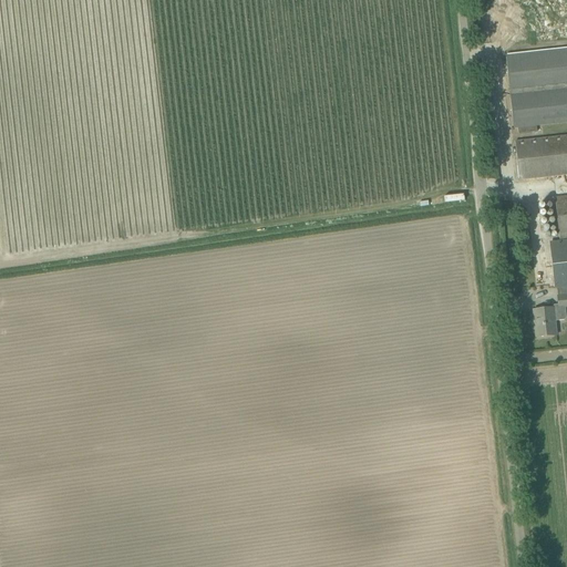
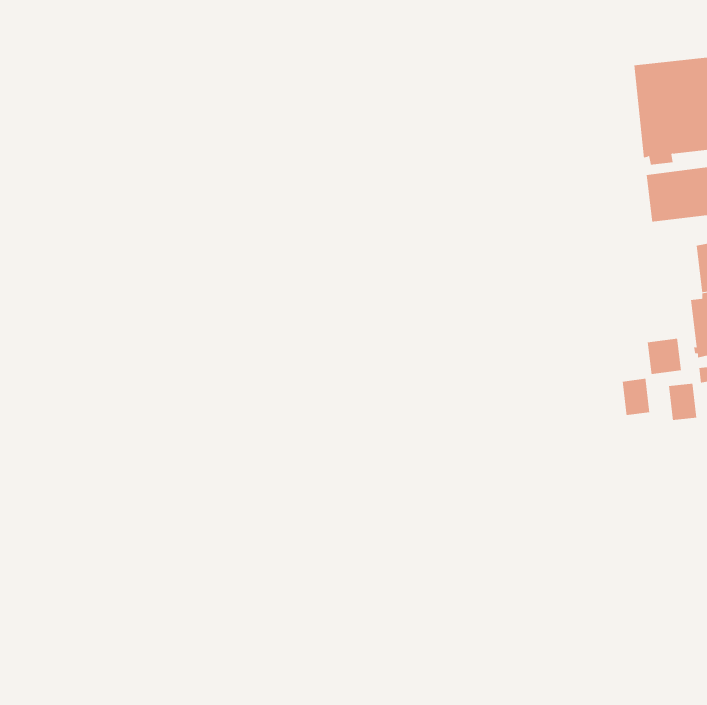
building: none -> [647,338,681,375]
building: none -> [622,378,650,416]

